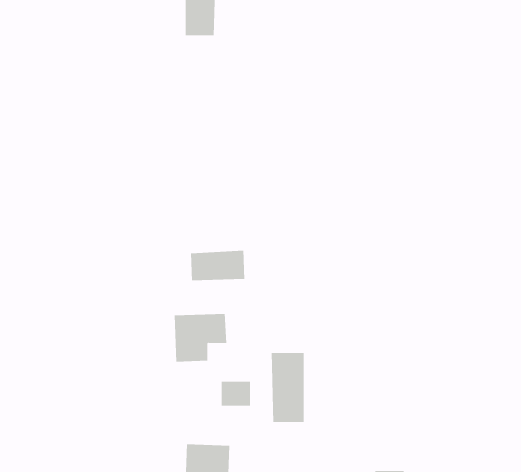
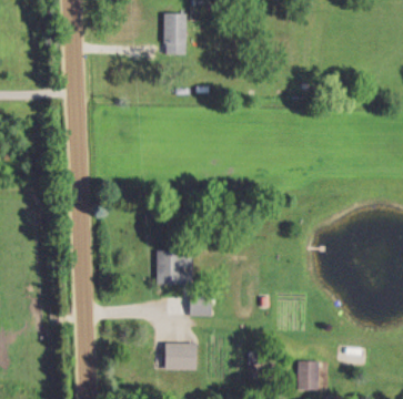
building: [191,250,245,281] -> none
building: [271,352,304,423] -> none

